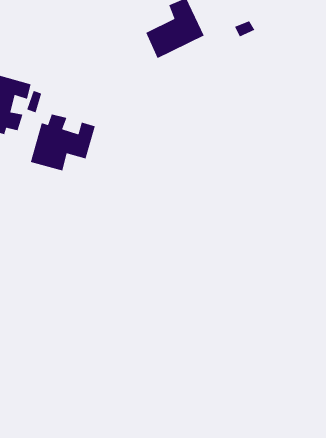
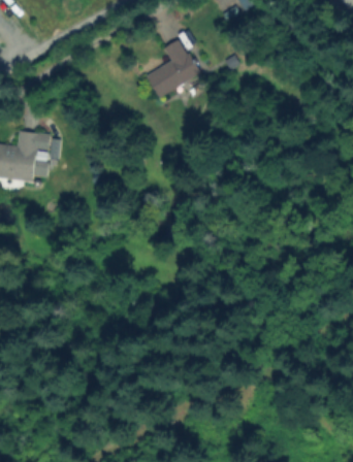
building: [30,113,96,172] -> none

